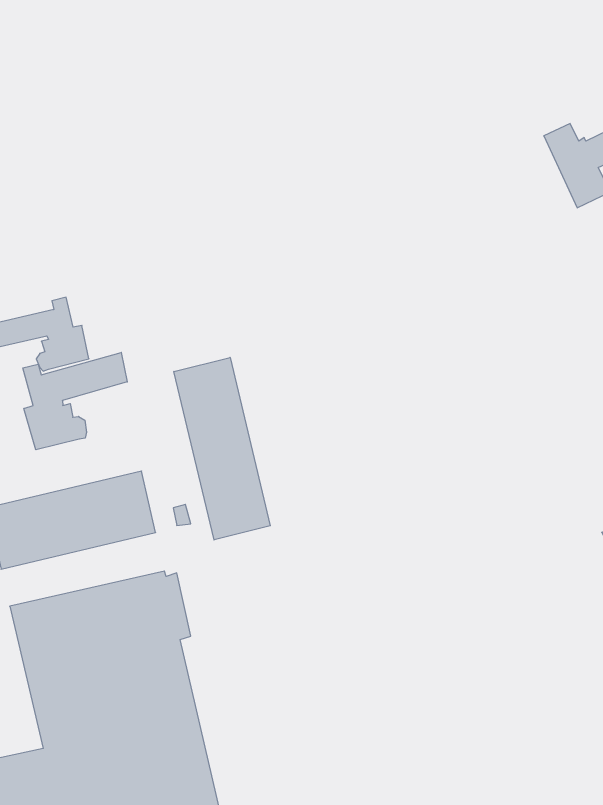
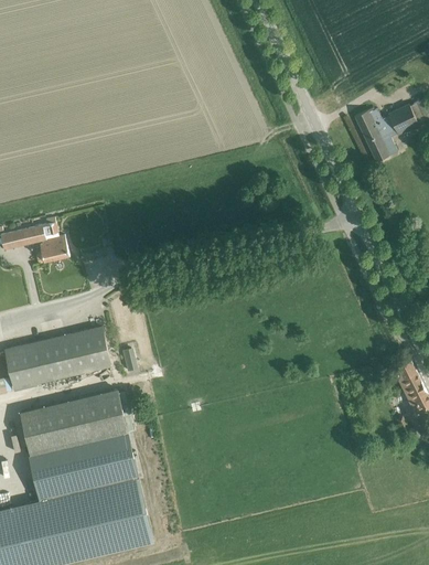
building: [23,352,127,450] -> none
building: [174,357,270,540] -> none

